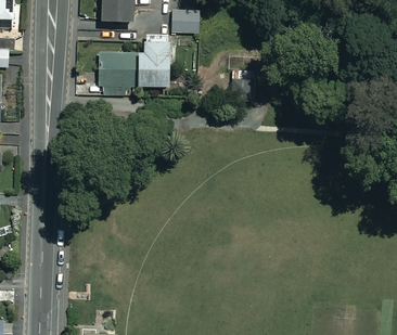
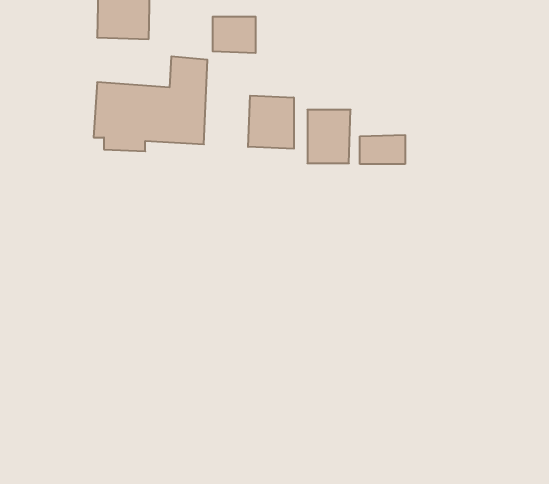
building: none -> [248,96,294,149]
building: none -> [360,135,405,164]

